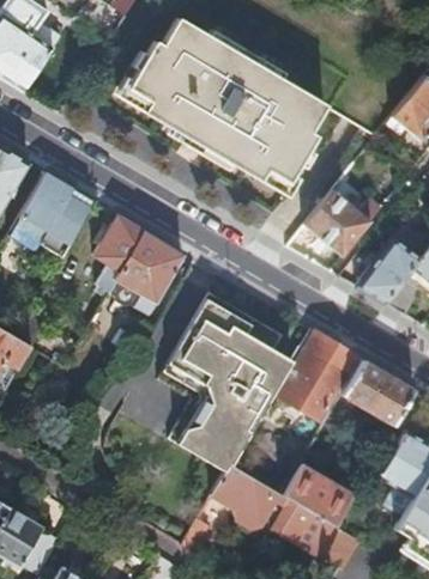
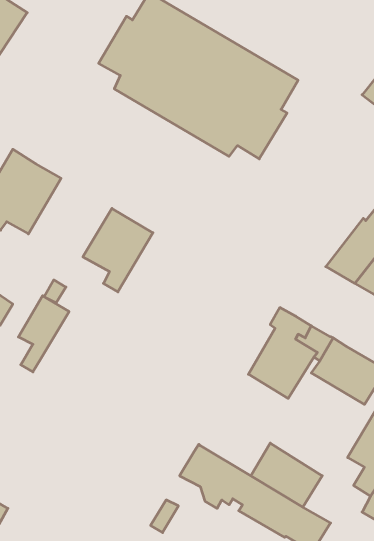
building: [306,190,383,256] -> none
building: [95,214,145,290] -> [18,296,69,372]
building: [159,311,280,470] -> none

